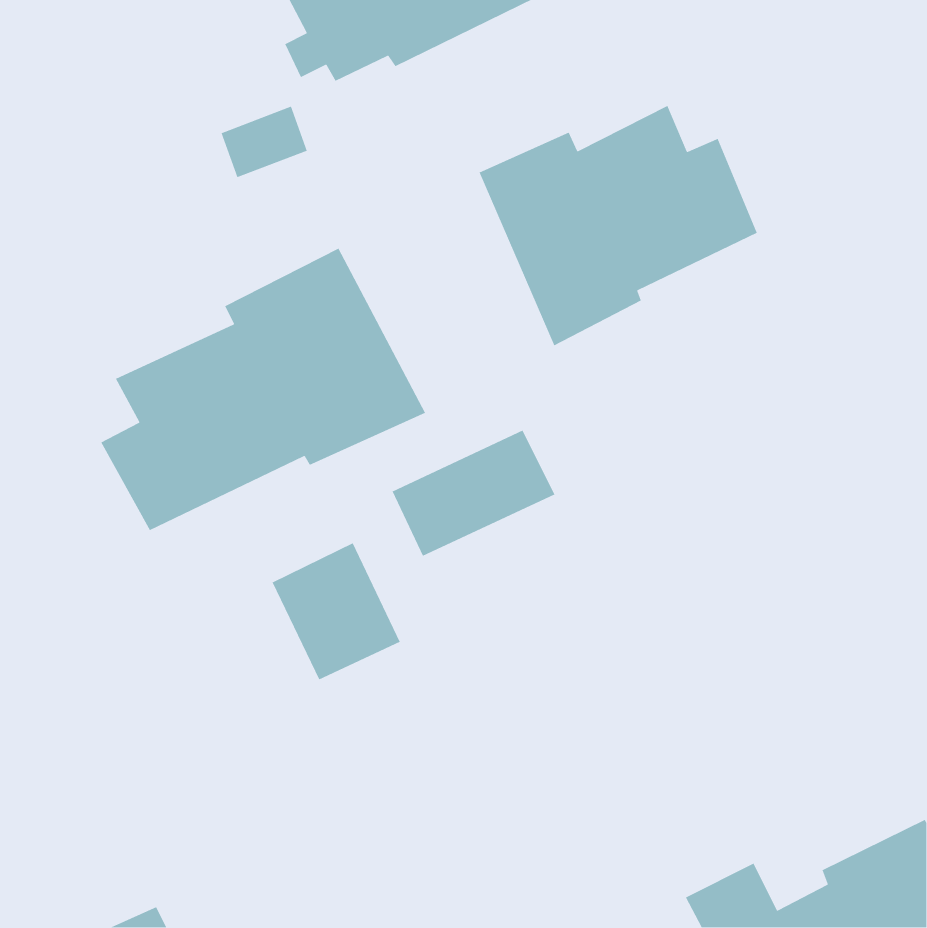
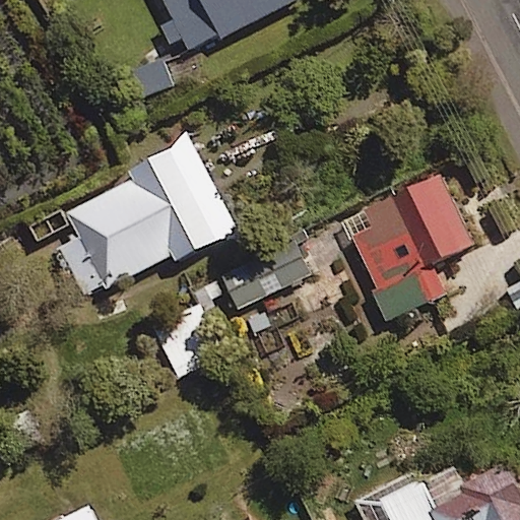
building: [478,105,758,346] -> none
building: none -> [352,174,473,320]

